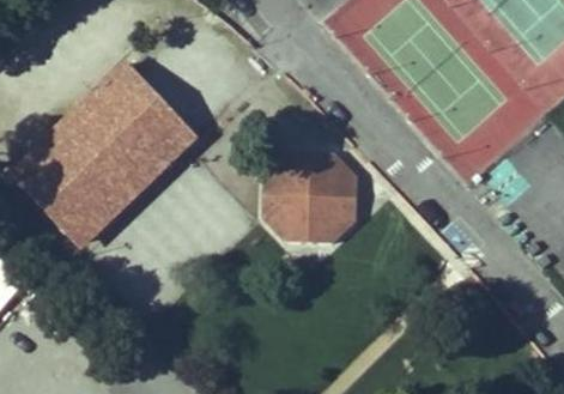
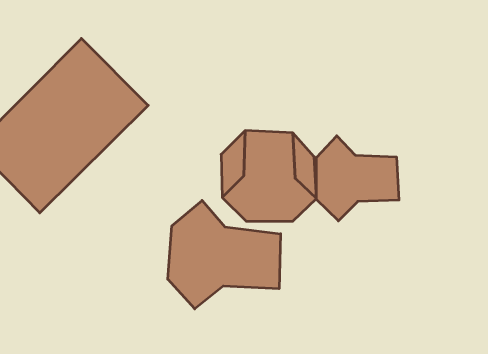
building: none -> [316,136,399,221]
building: none -> [168,200,281,309]

